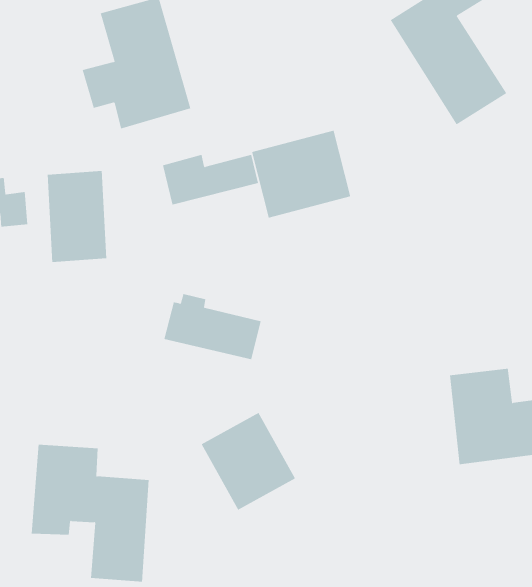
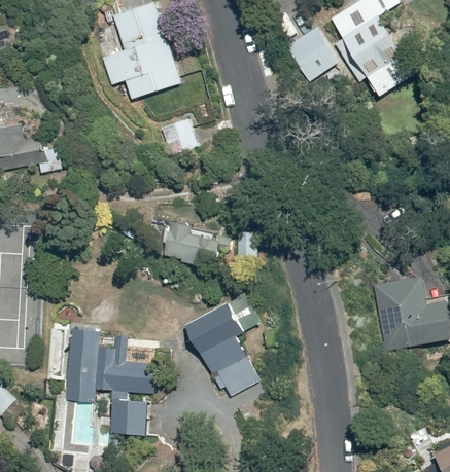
building: none -> [284,25,340,83]
building: [251,130,351,219] -> none
building: [47,170,107,263] -> none

